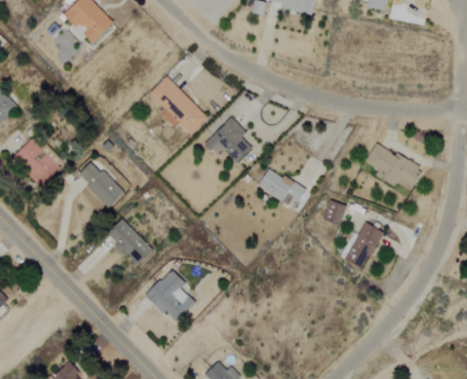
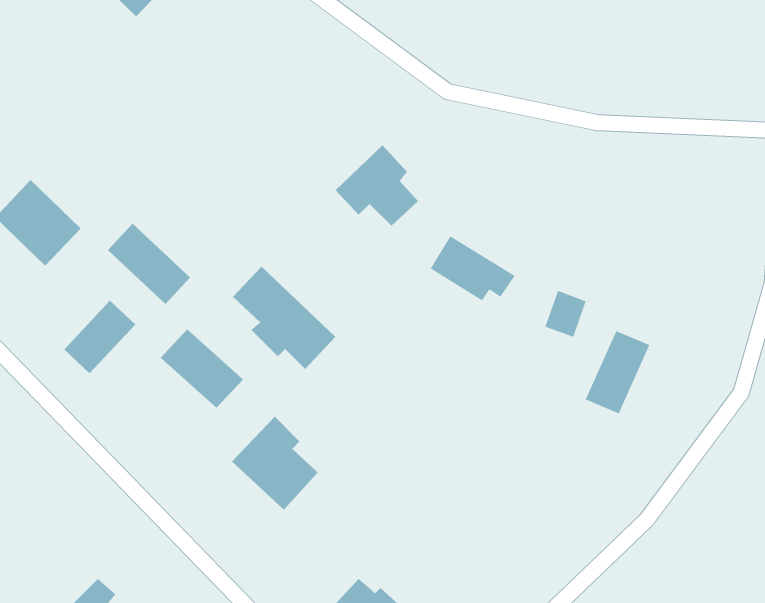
building: [149,77,207,136] -> [232,266,336,370]
building: [365,144,422,192] -> none
building: none -> [63,300,136,374]

